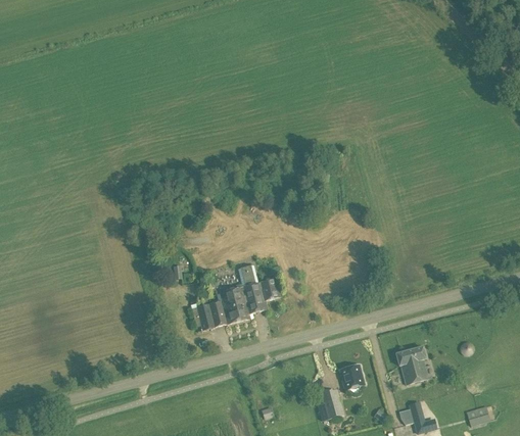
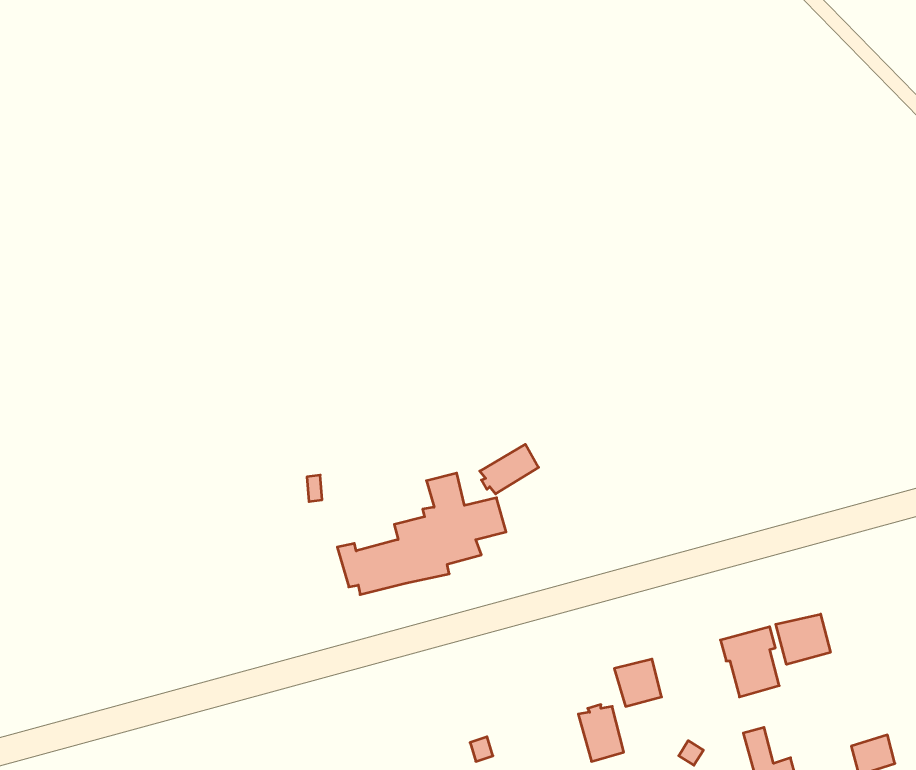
building: none -> [480,444,539,494]
building: none -> [776,614,830,664]

